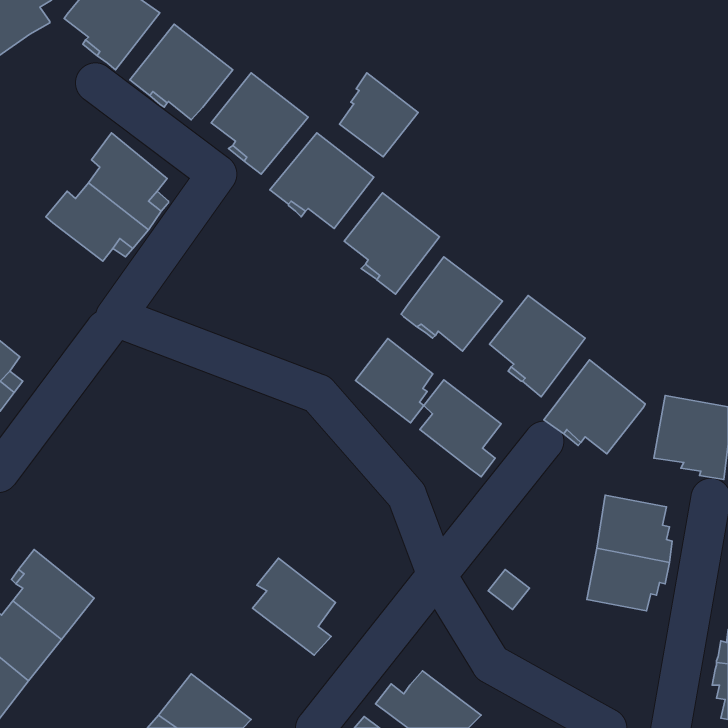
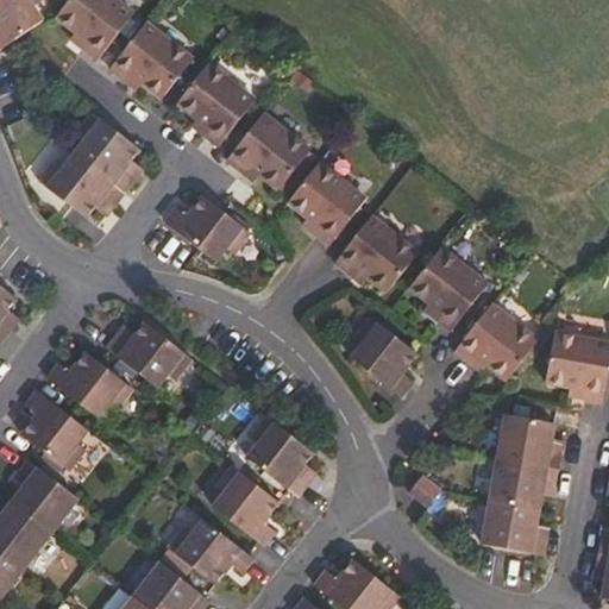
building: [339,73,418,157] -> none
building: none -> [169,195,252,263]
building: [356,339,433,423] -> none
building: none -> [105,320,193,388]
building: none -> [45,351,133,419]
building: none -> [20,389,88,471]
building: none -> [246,415,314,497]
building: none -> [481,500,545,554]
building: none -> [167,517,253,585]

